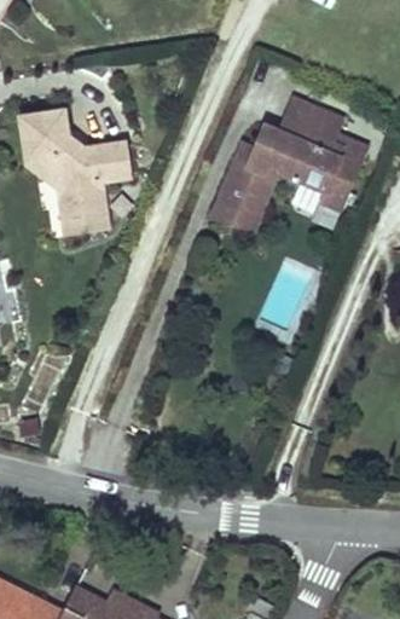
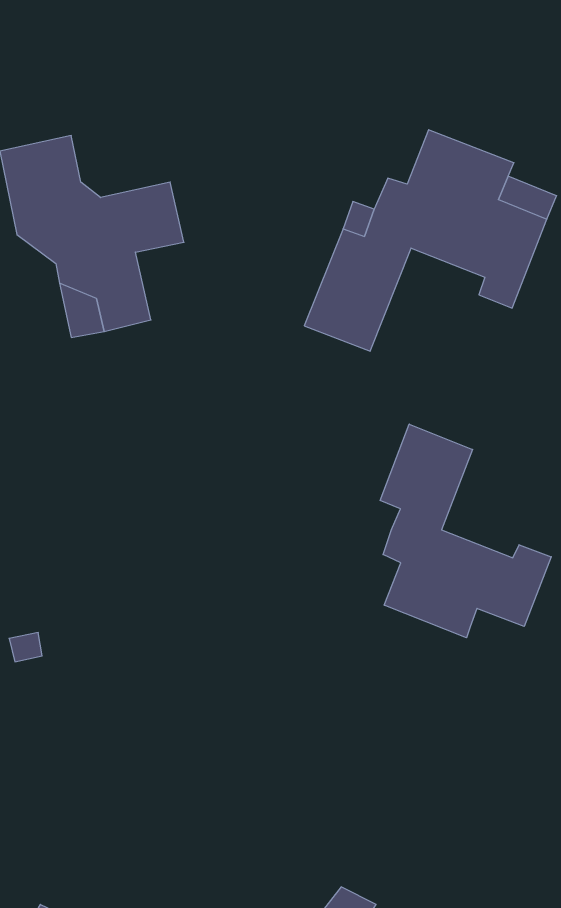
building: none -> [380,424,551,638]

